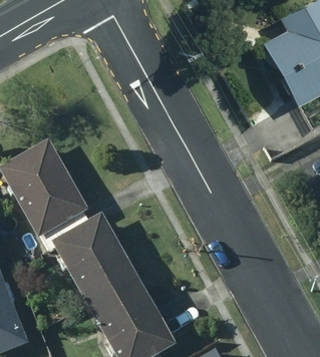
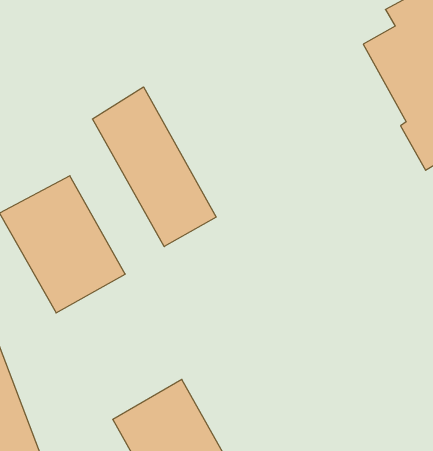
building: none -> [92,87,216,247]
building: [45,219,132,314] -> none

